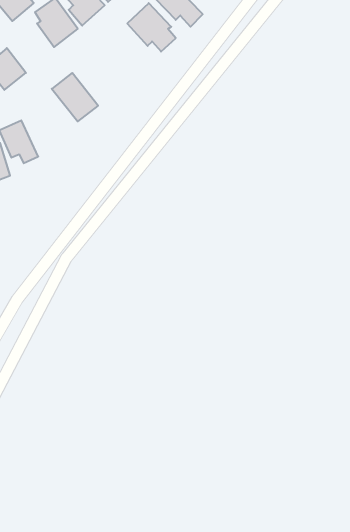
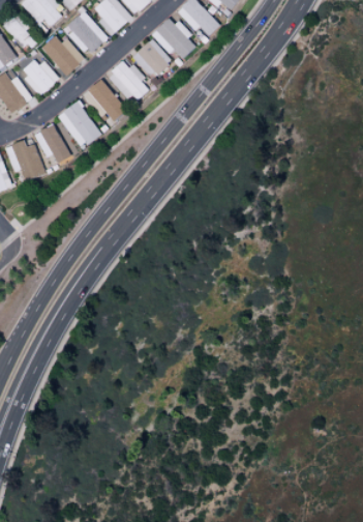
building: none -> [41,35,85,75]
building: none -> [133,37,174,78]
building: none -> [109,60,151,100]
building: none -> [58,99,100,147]

